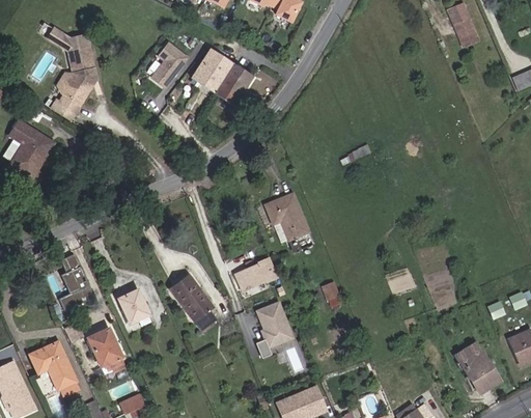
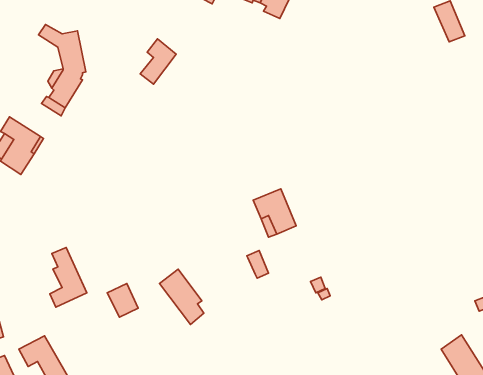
building: [191,49,251,105] -> none
building: [235,262,267,289] -> none
building: [256,300,290,358] -> none
building: [85,327,122,365] -> none

